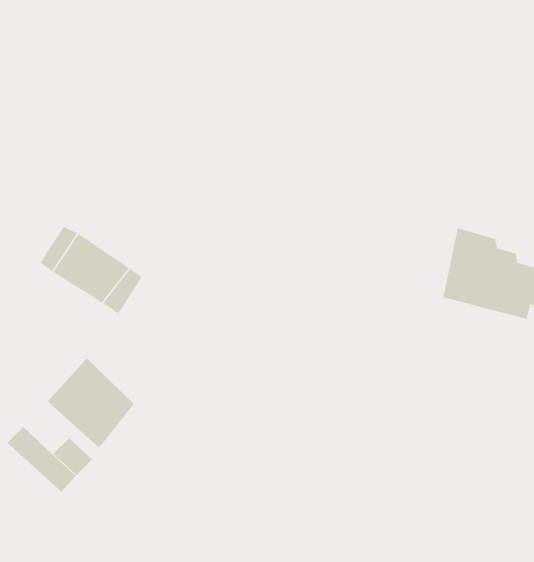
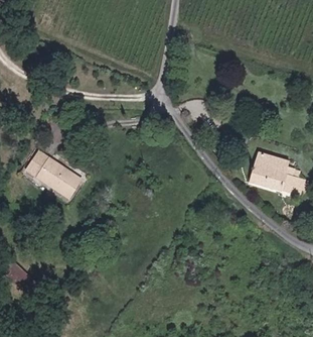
building: [47,358,135,449] -> none

